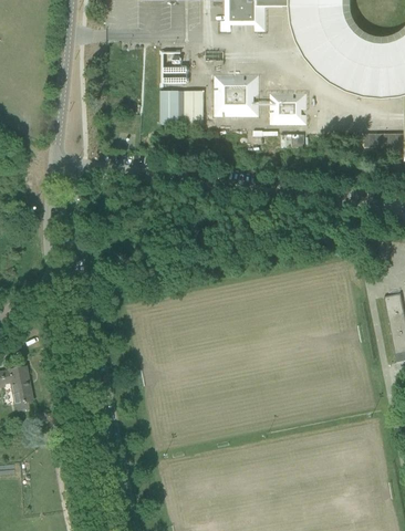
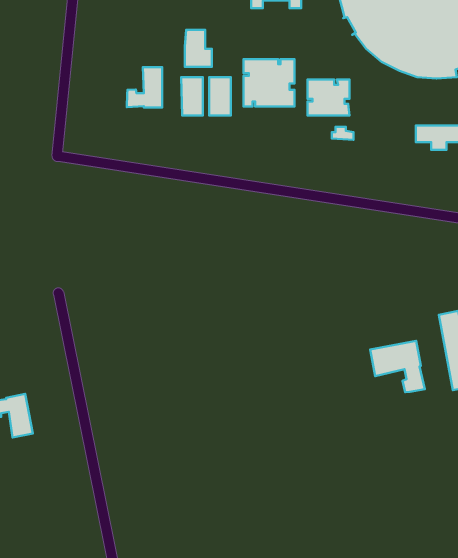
building: none -> [127,67,162,107]
building: none -> [370,341,425,392]

